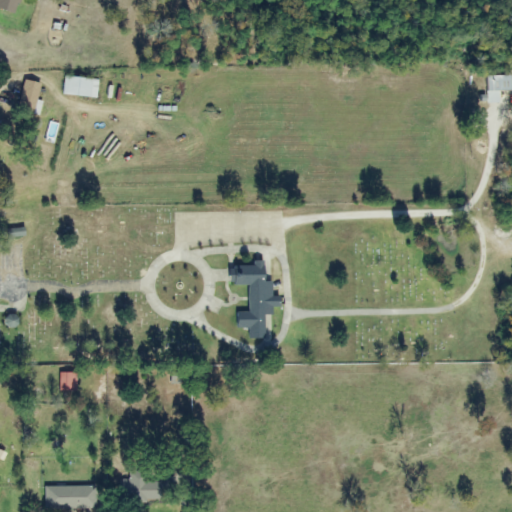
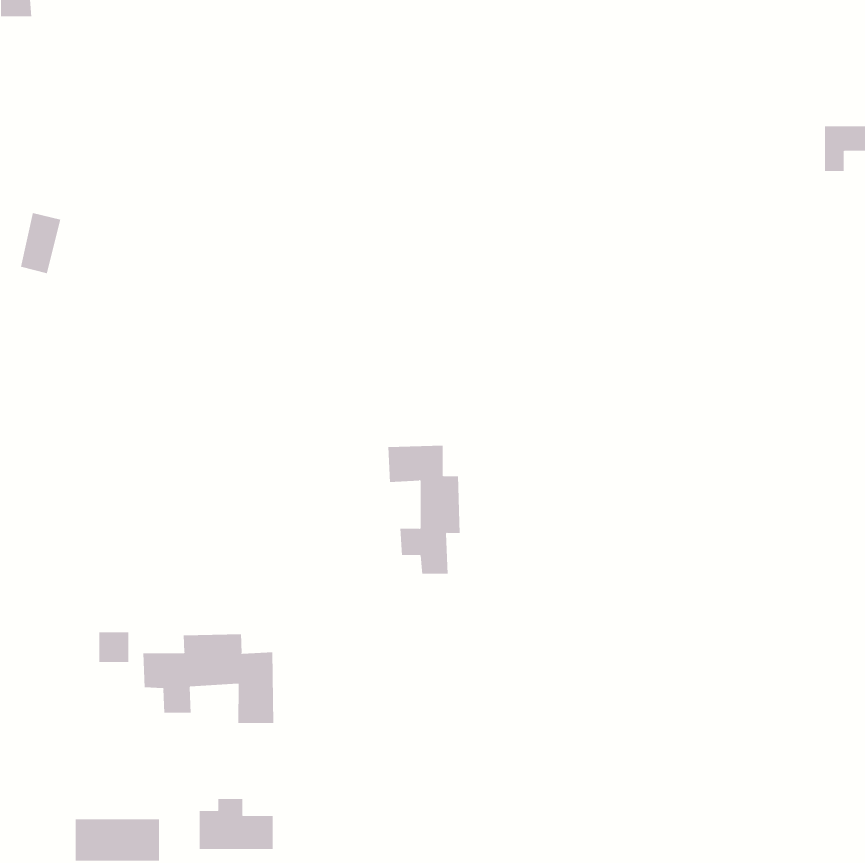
building: [64,75,100,96] -> none
building: [18,78,42,114] -> [20,213,61,274]
building: none -> [143,633,274,724]

